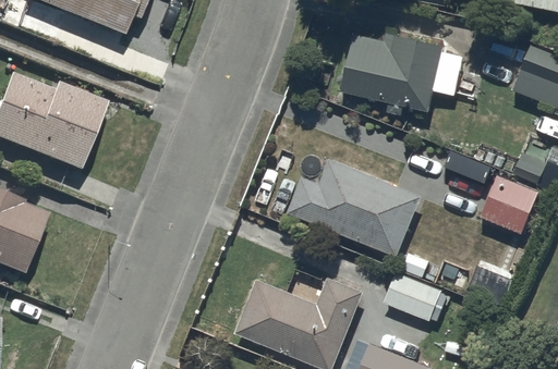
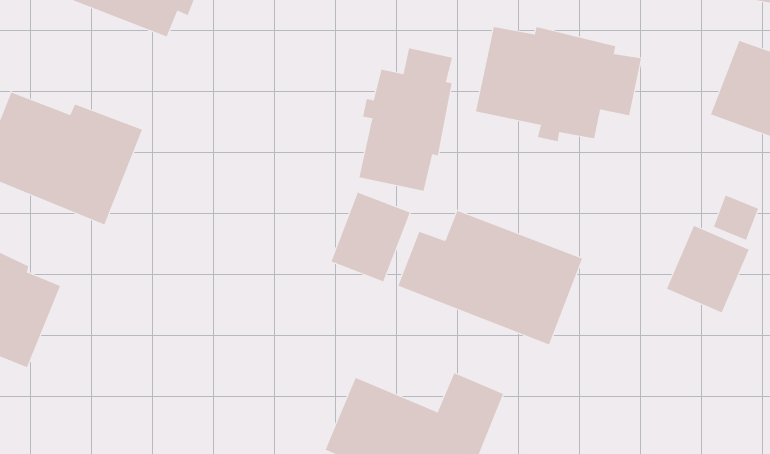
building: none -> [359,48,453,192]
building: none -> [331,192,410,282]
building: [383,271,439,320] -> none

